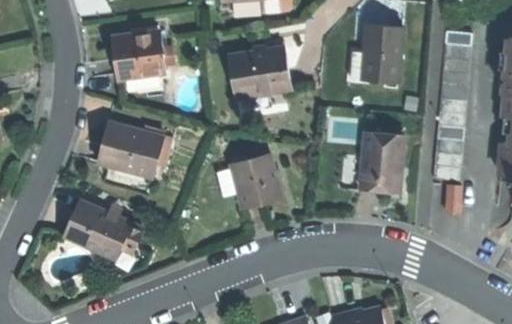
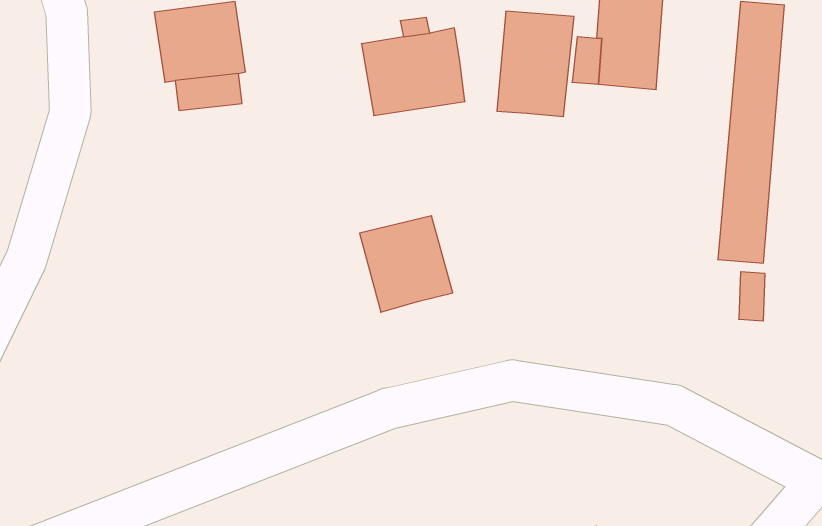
building: [94,112,160,165] -> none
building: [357,120,401,180] -> [497,11,574,117]
building: [60,188,140,247] -> none

